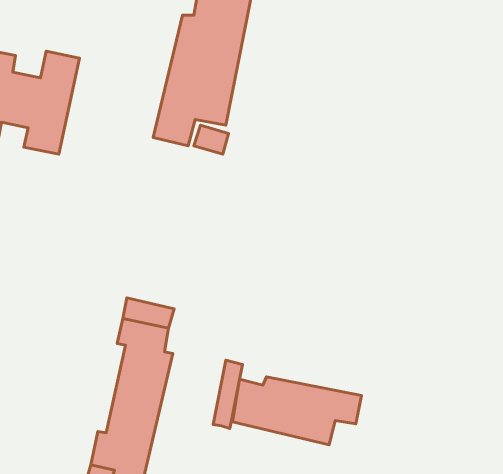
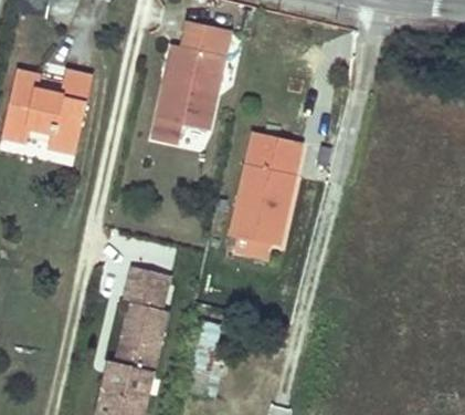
building: none -> [230,129,305,260]
building: [232,377,361,445] -> none

